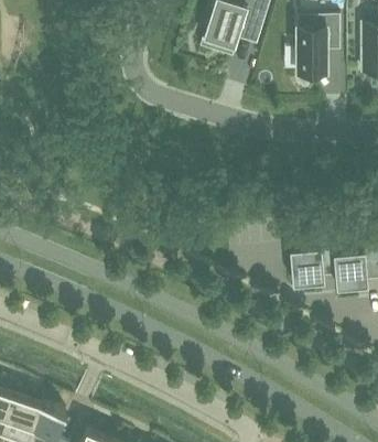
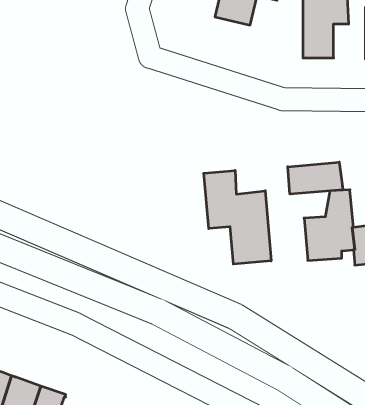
building: none -> [288,162,343,194]
building: none -> [204,170,271,264]

